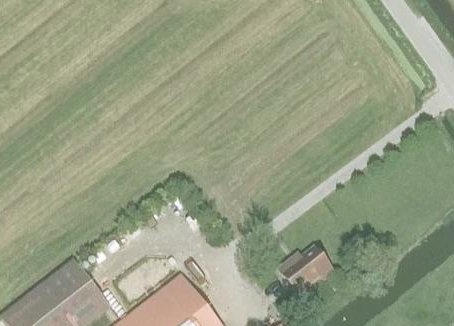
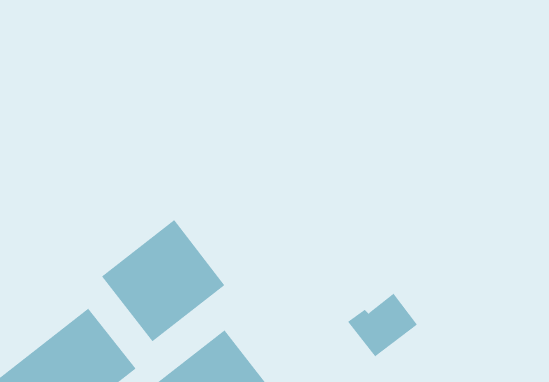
building: none -> [101,219,225,342]

